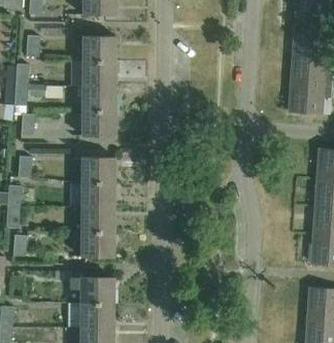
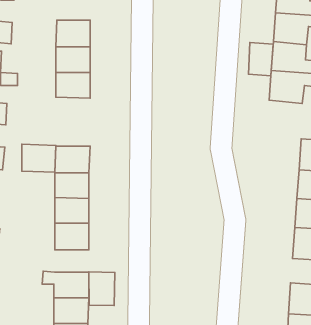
building: none -> [248,42,273,76]
building: [81,108,114,135] -> [22,144,56,172]
building: none -> [89,272,115,306]

